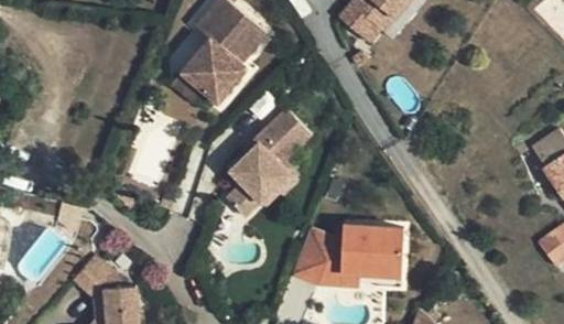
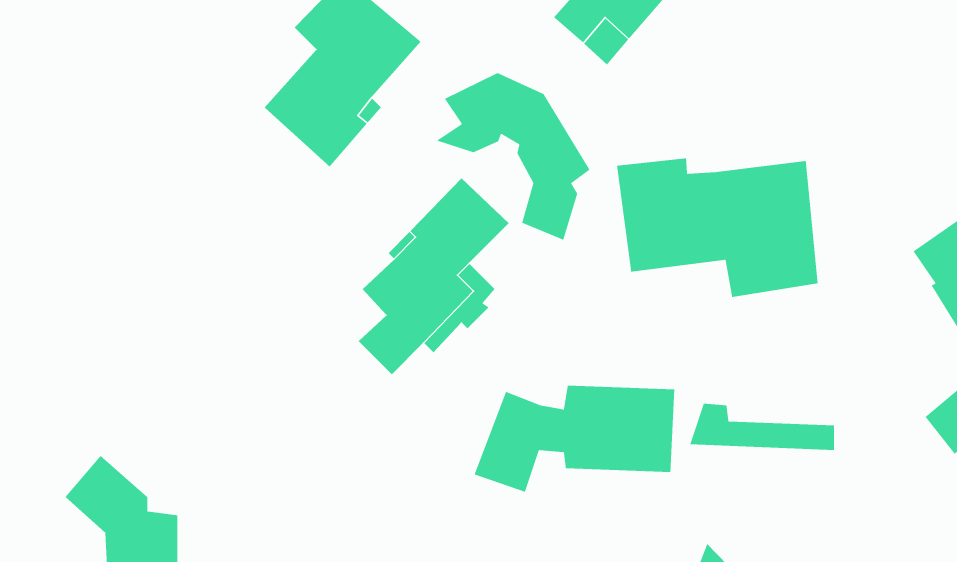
building: none -> [435,72,591,241]
building: none -> [616,158,818,298]
building: [321,258,401,284] -> [689,403,835,451]

